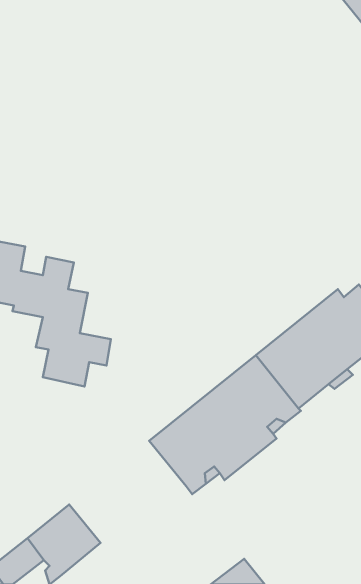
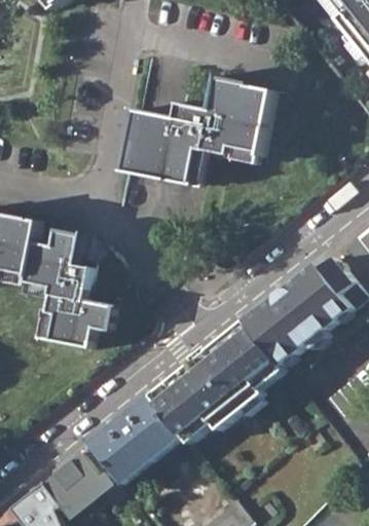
building: none -> [126,77,276,182]
building: none -> [88,397,182,485]

